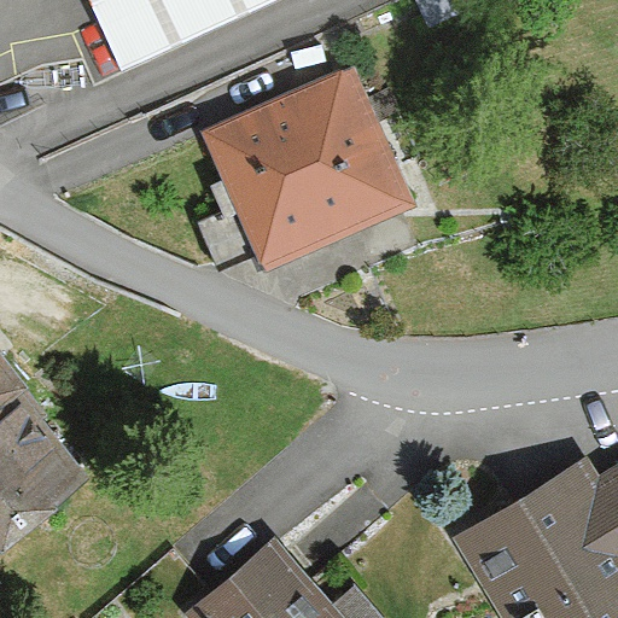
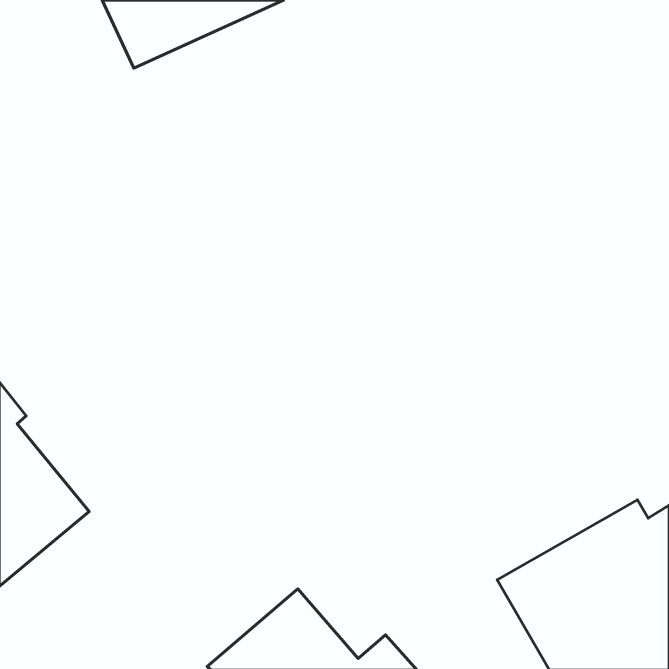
building: [208,68,410,266] -> none

